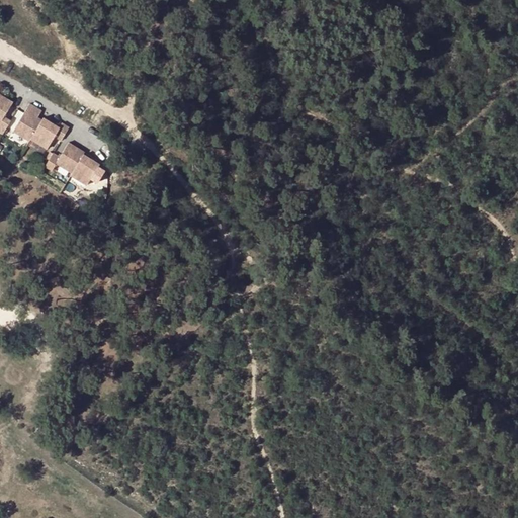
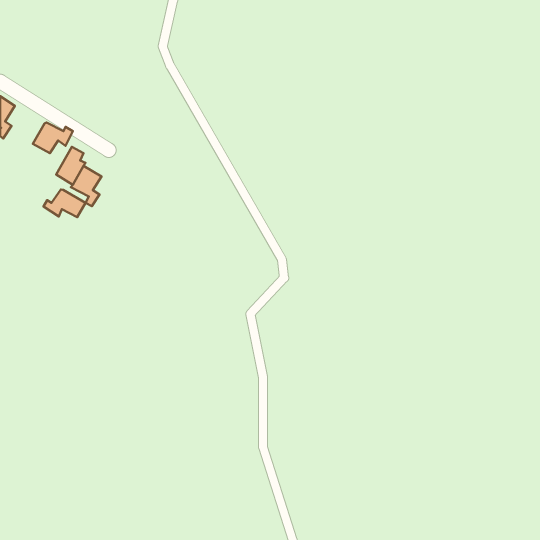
building: [14,103,42,140] -> none
building: none -> [43,190,86,217]

